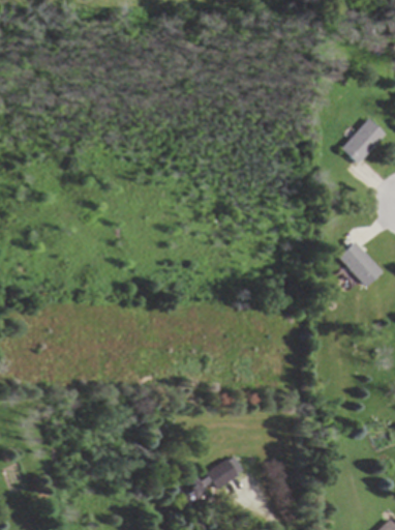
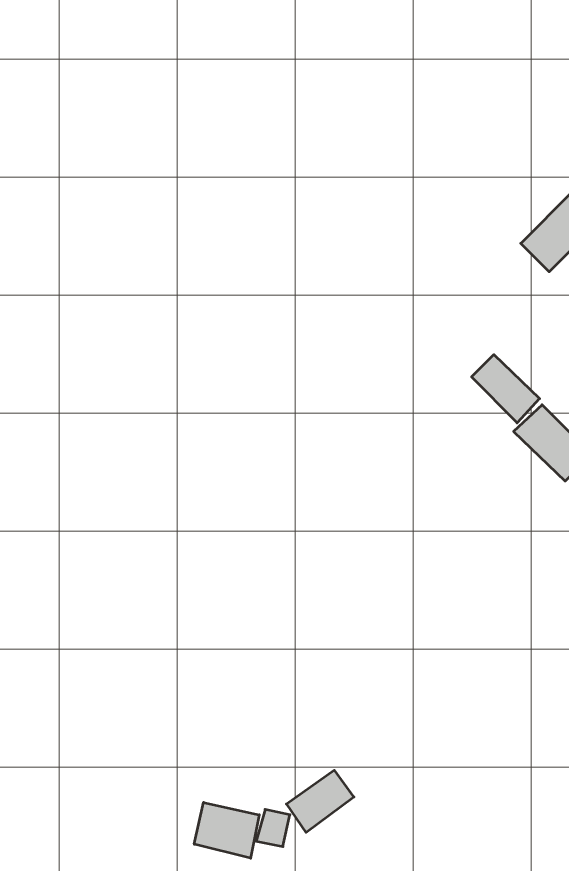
building: none -> [472,355,540,423]
building: none -> [194,802,259,858]

